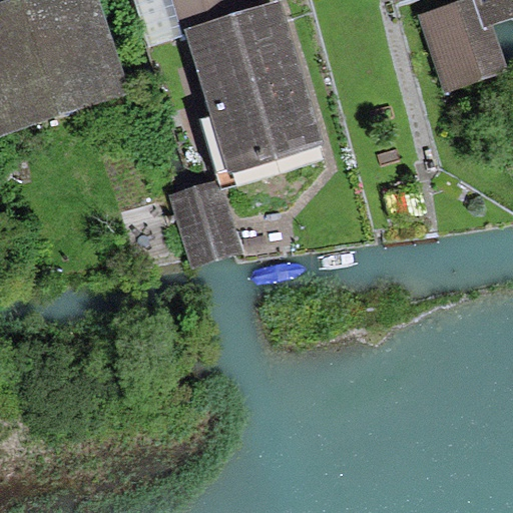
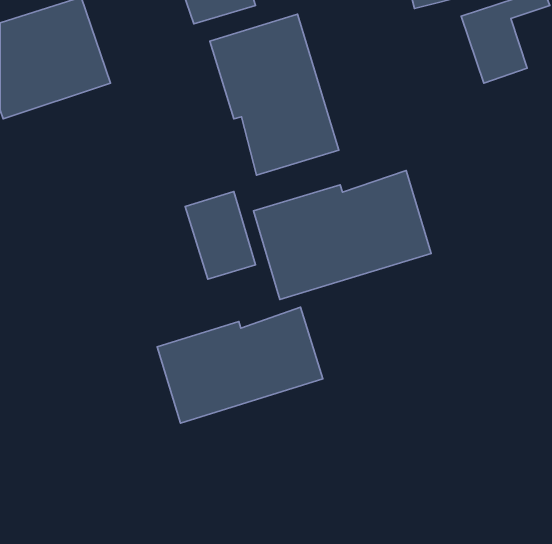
building: none -> [254,171,431,299]
building: none -> [157,307,323,423]

